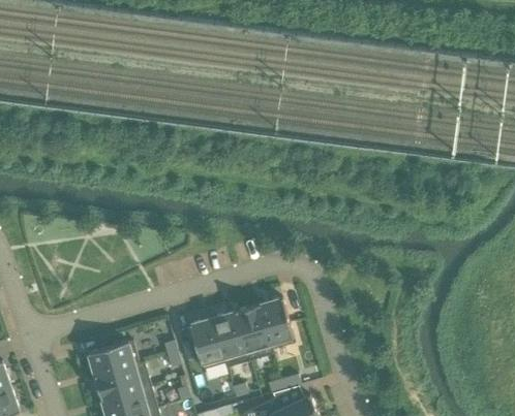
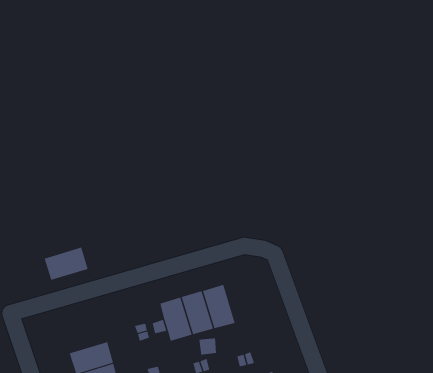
building: [258,299,294,347] -> none
building: [87,343,134,379] -> [44,247,89,281]

